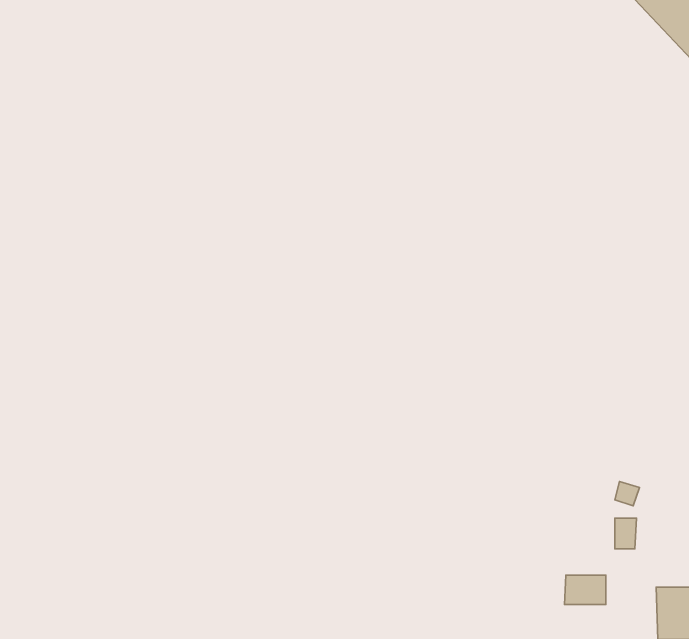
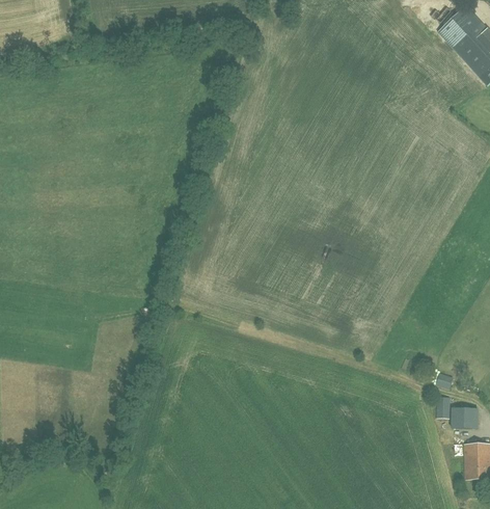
building: [564,575,606,604] -> [451,406,479,426]

